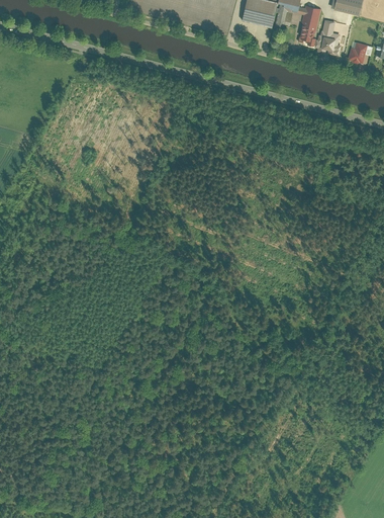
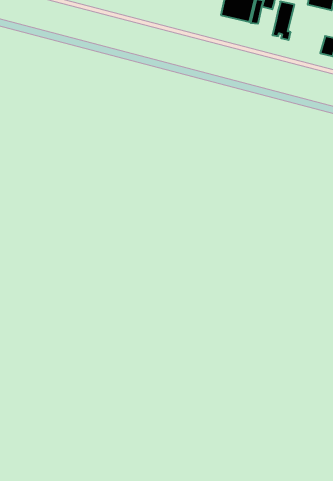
building: [320,27,343,55] -> none

